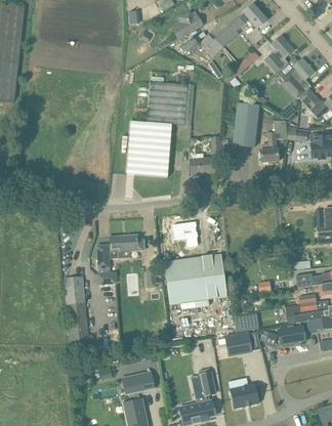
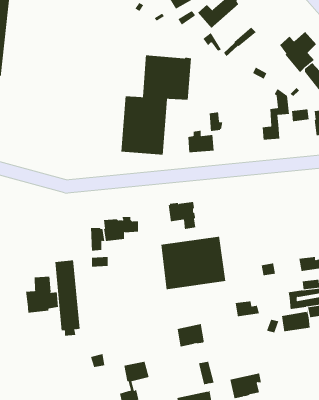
building: [262,35,293,73] -> none
building: [232,102,258,146] -> none
building: none -> [26,276,58,314]
building: [224,332,251,354] -> [177,323,205,347]

